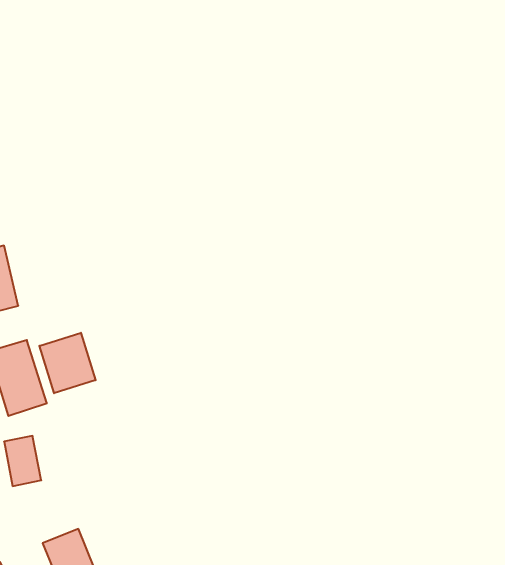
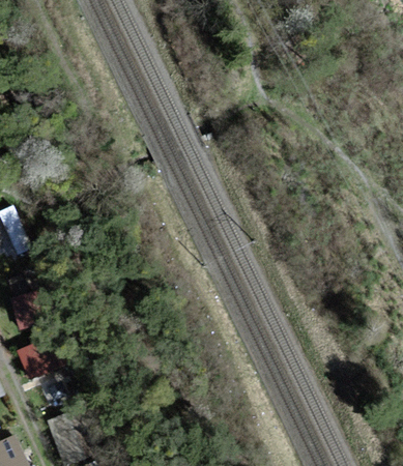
building: [39,333,96,393] -> none

